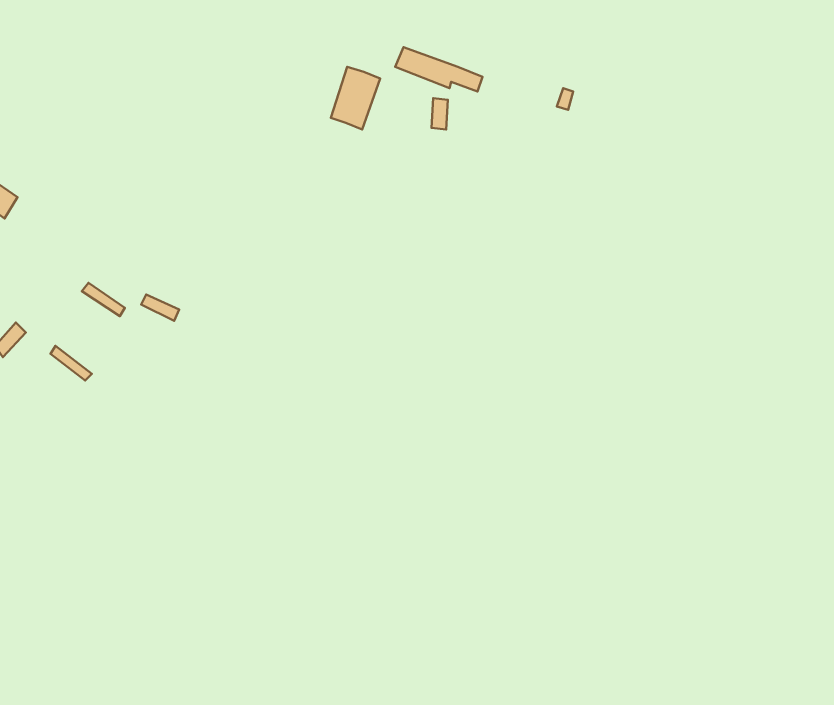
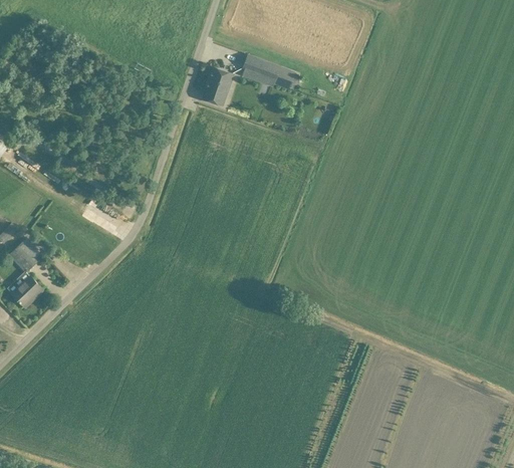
building: none -> [8,242,38,272]
building: none -> [11,276,42,305]

